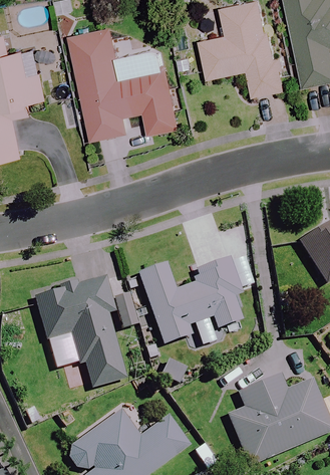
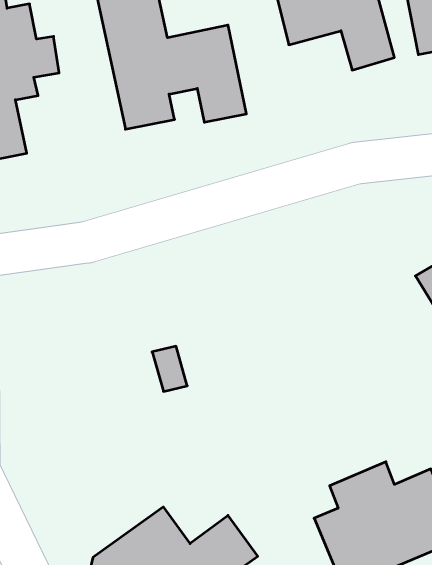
building: [135,257,239,343] -> none
building: [32,276,122,386] -> none

